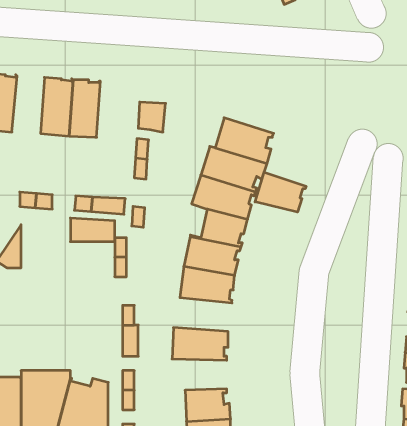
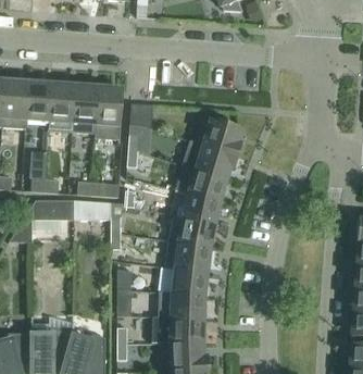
building: none -> [26,82,53,129]
building: none -> [96,86,124,139]
building: [255,172,306,212] -> none
building: none -> [34,200,75,220]
building: none -> [161,266,210,295]
building: none -> [153,317,205,344]

